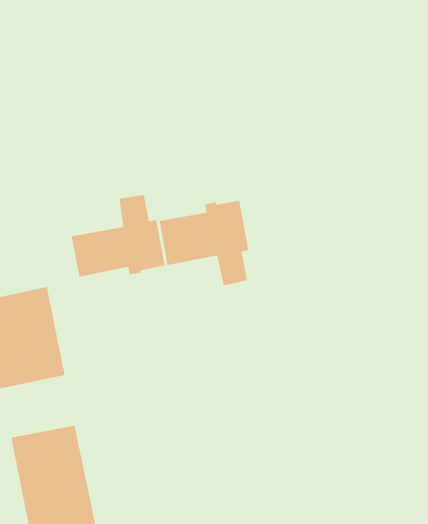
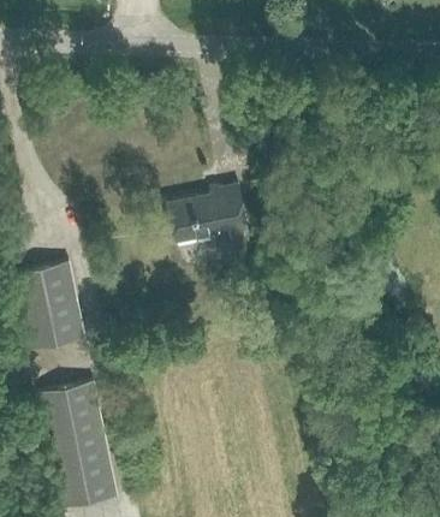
building: [71,194,166,277] -> none

